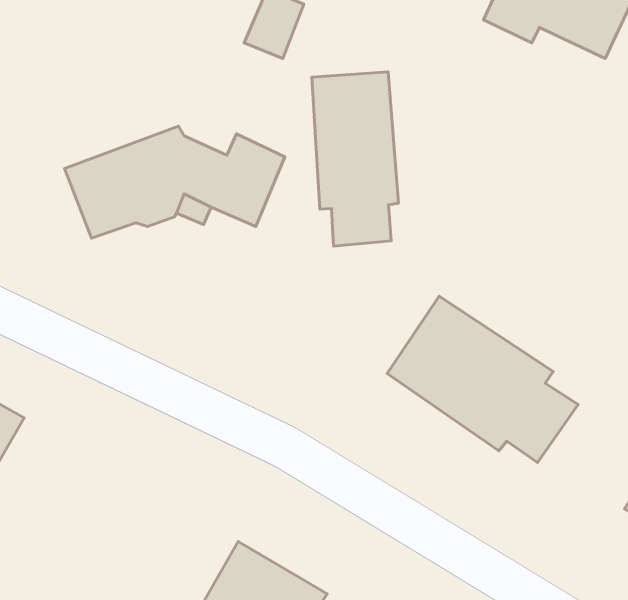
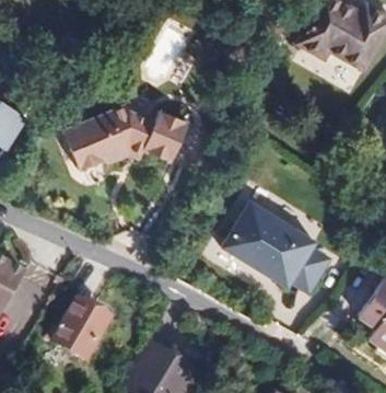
building: [312,72,398,246] -> none
building: none -> [56,300,115,362]

